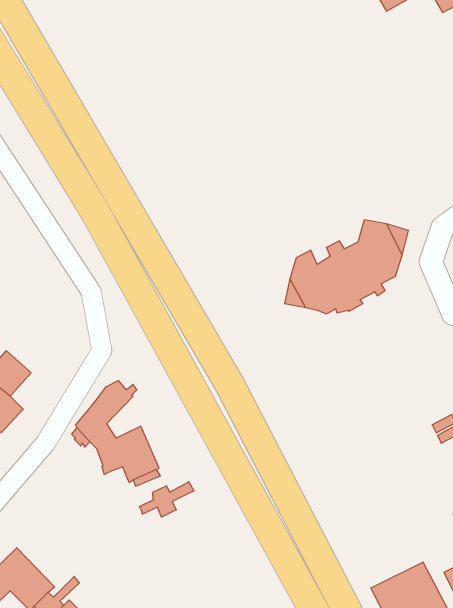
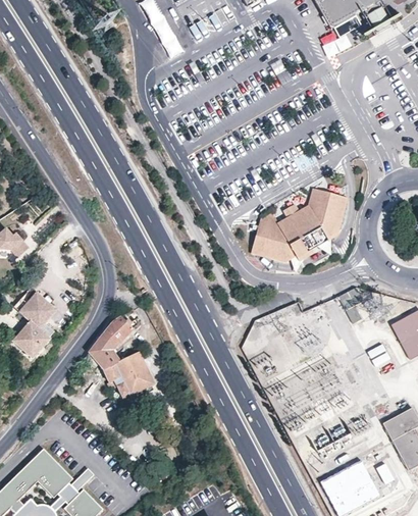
building: [140,482,194,517] -> none

